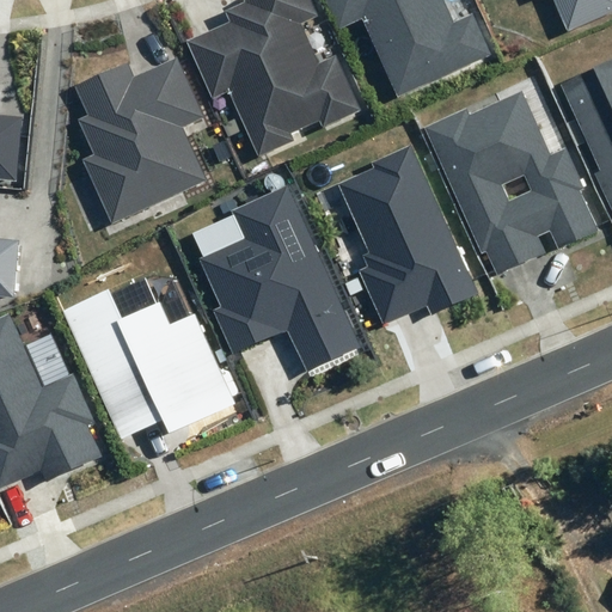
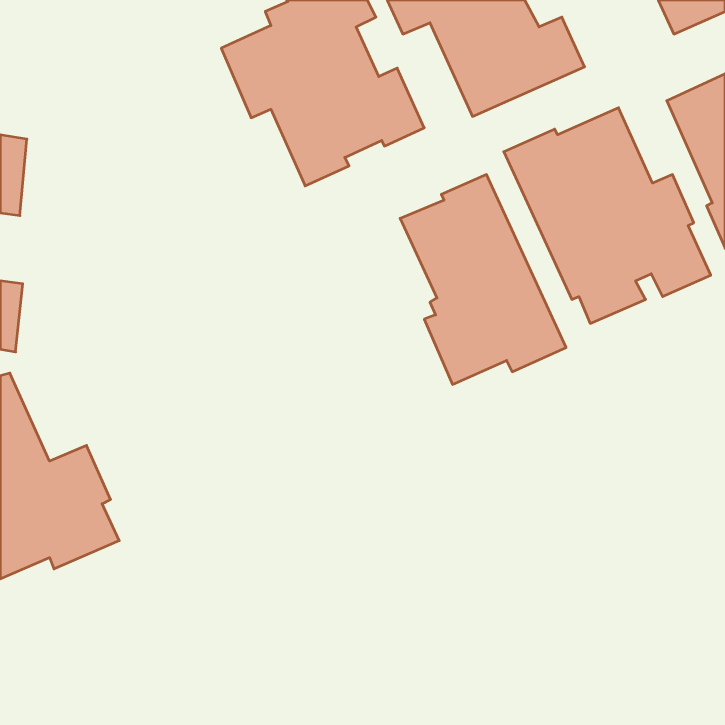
building: [74,55,207,221] -> none
building: [192,185,359,369] -> none
building: [63,290,234,439] -> none

